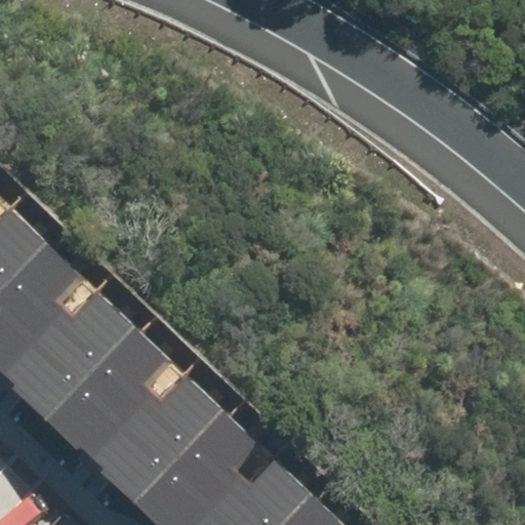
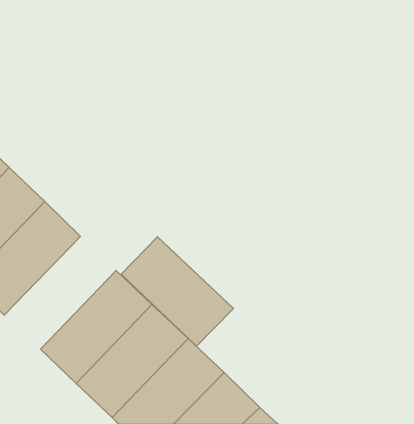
building: [5,292,144,432] -> none
building: none -> [121,237,233,346]

